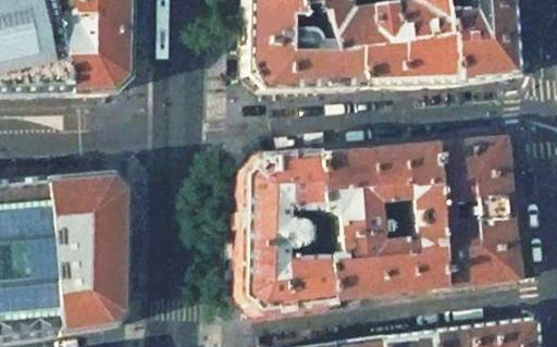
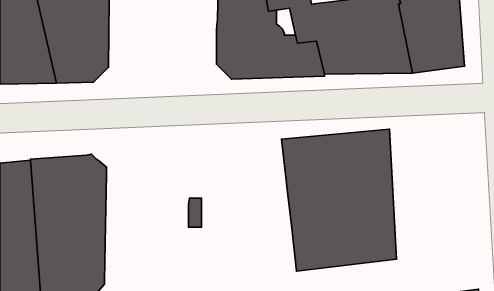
building: [438,137,522,285] -> none
building: [247,153,337,308] -> none

